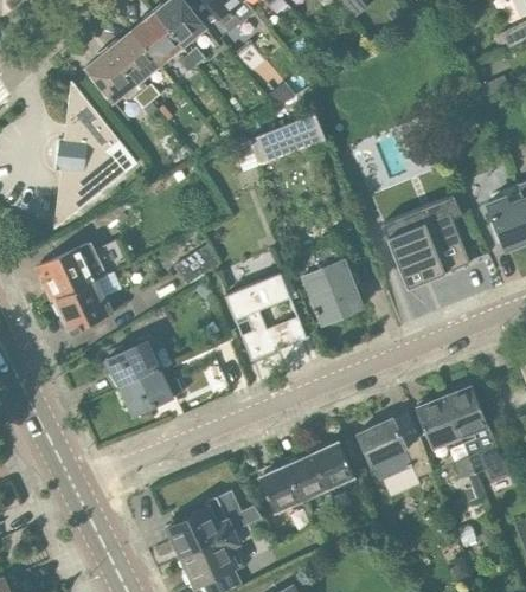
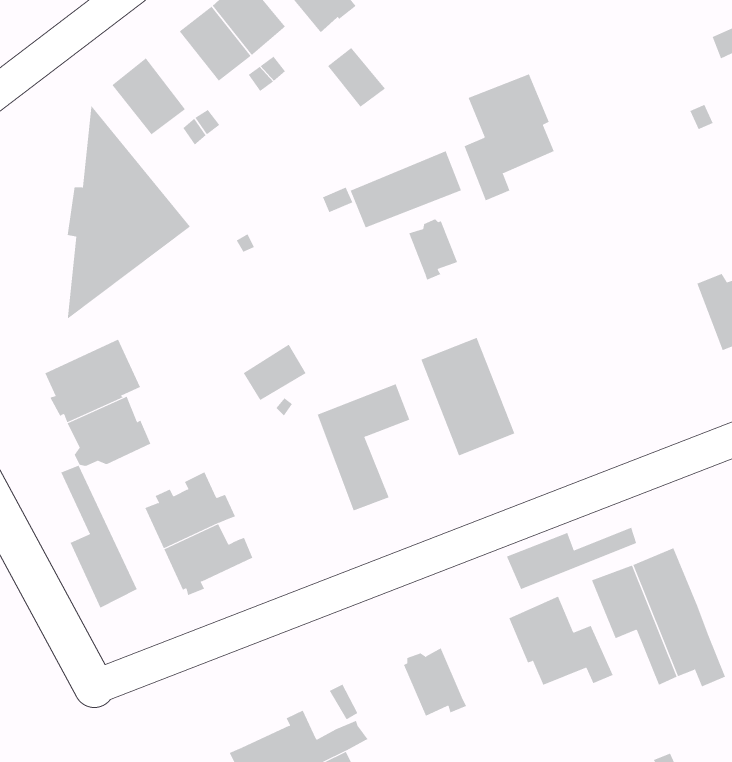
building: [109,31,159,84] -> none
building: none -> [464,73,555,201]
building: none -> [408,219,458,281]
building: [387,212,469,288] -> none
building: none -> [61,465,137,608]
building: none -> [506,527,637,590]
building: [312,442,357,489] -> none
building: [258,465,303,513] -> none

